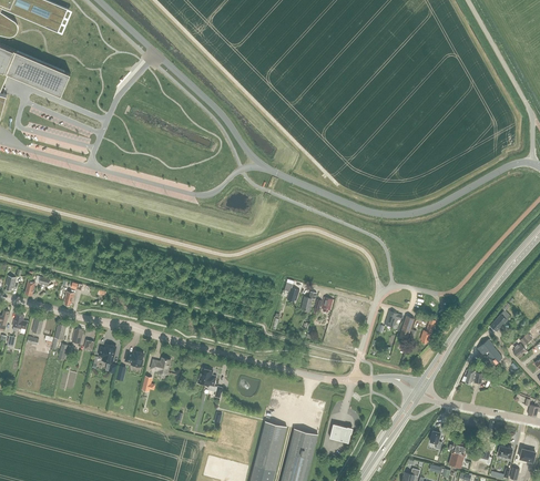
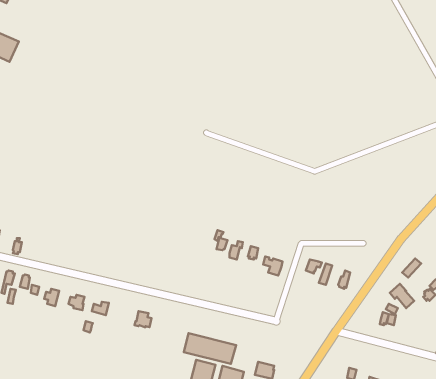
building: none -> [184,333,236,364]

